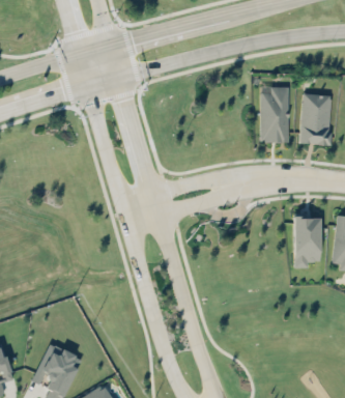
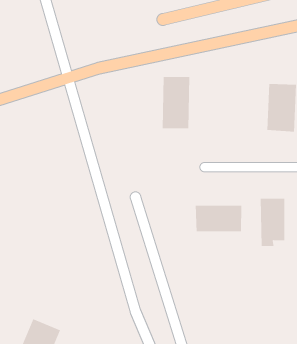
building: [260,86,290,142] -> [162,76,190,129]
building: none -> [195,205,242,232]

